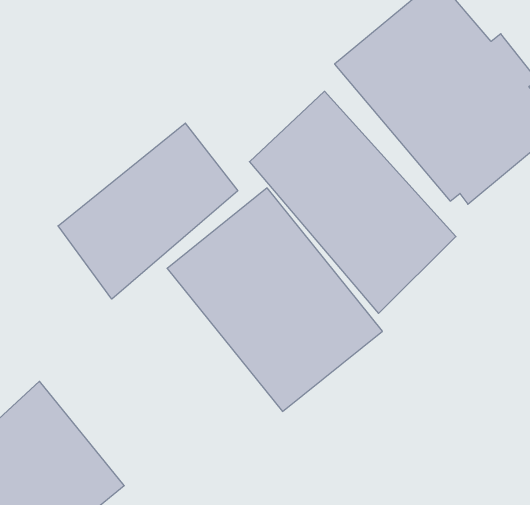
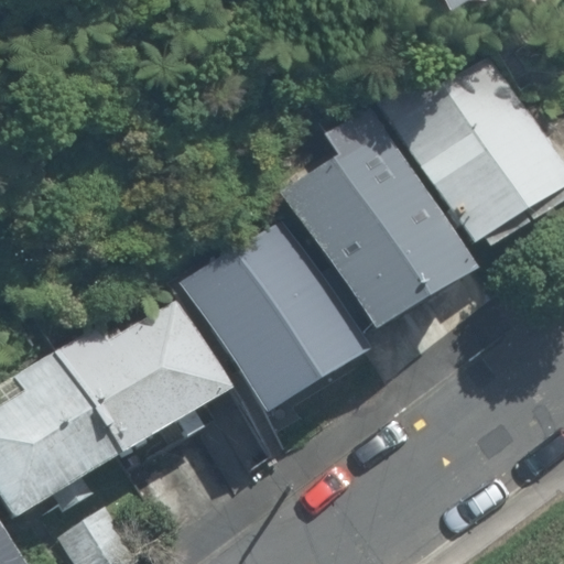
building: [58,123,238,299] -> none
building: none -> [56,288,231,457]

